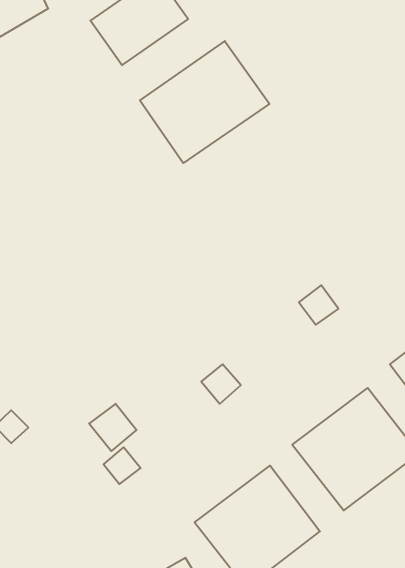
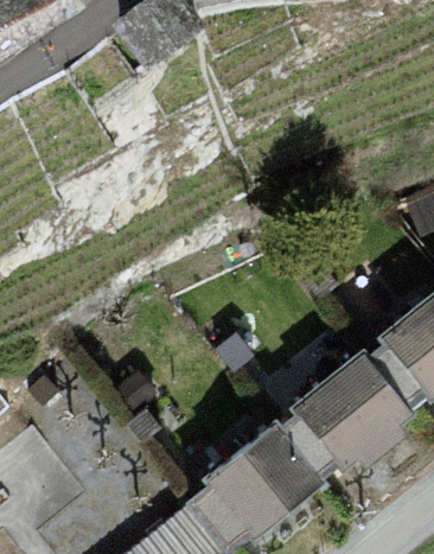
building: [140,41,269,163] -> none

